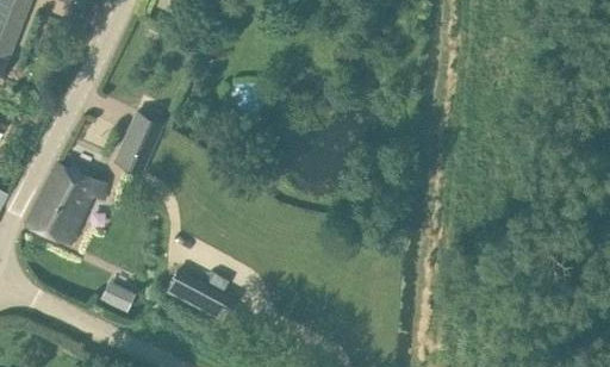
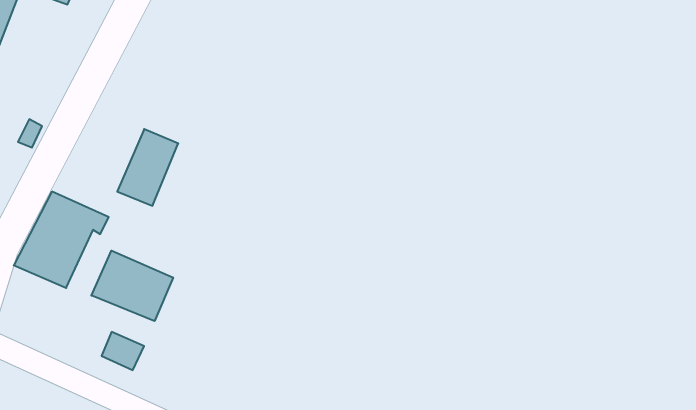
building: none -> [91,251,173,321]
building: [180,279,234,322] -> none

